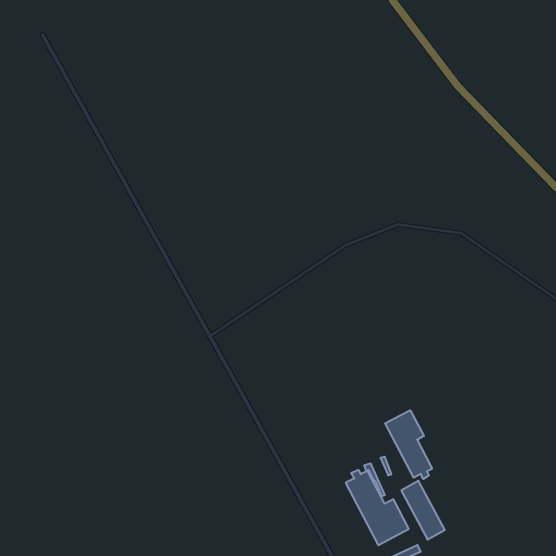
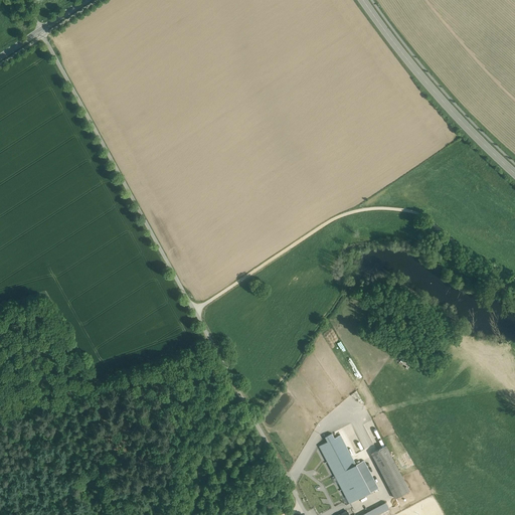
building: [385,410,432,479] -> none

